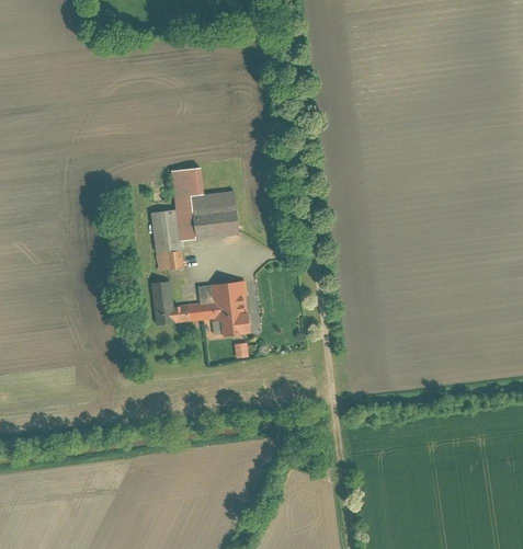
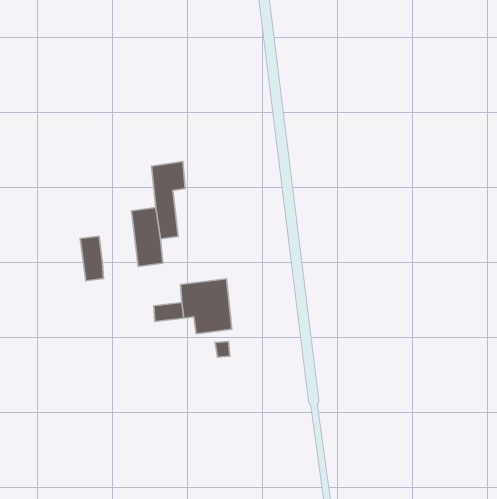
building: [192,188,239,239] -> none
building: [151,281,174,324] -> [80,236,104,281]

